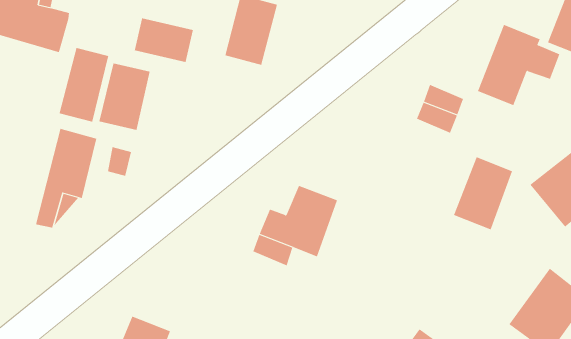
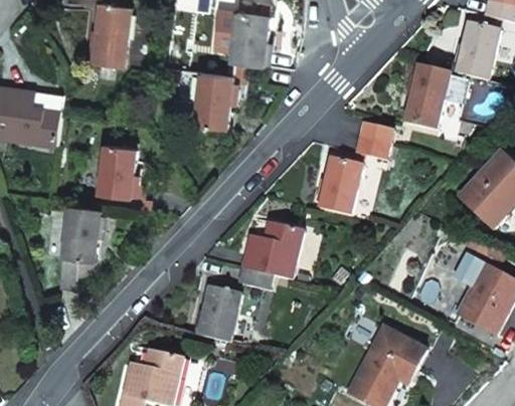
building: [134,17,193,63] -> none
building: [59,47,109,122] -> none
building: [453,156,513,230] -> [320,156,364,215]
building: none -> [194,286,236,342]

